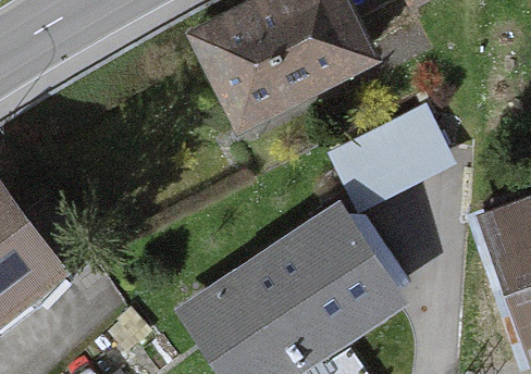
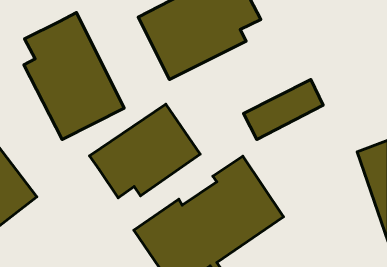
building: none -> [24,12,124,140]
building: none -> [90,104,200,198]

